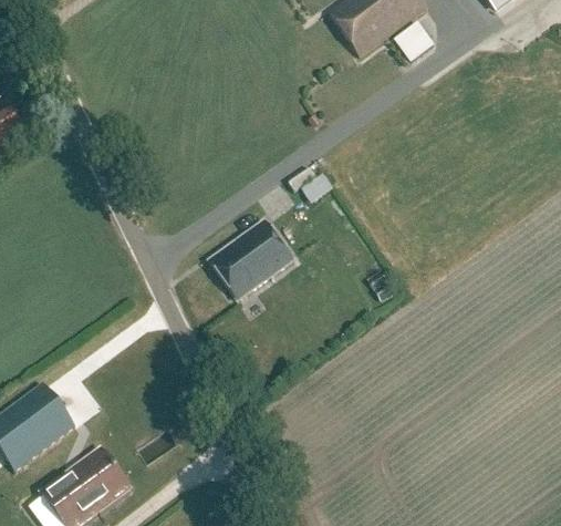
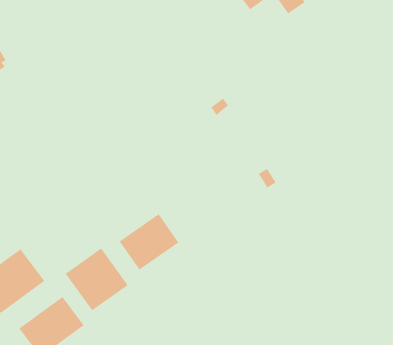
building: [209,218,292,297] -> [119,213,179,271]
building: none -> [65,248,129,311]

